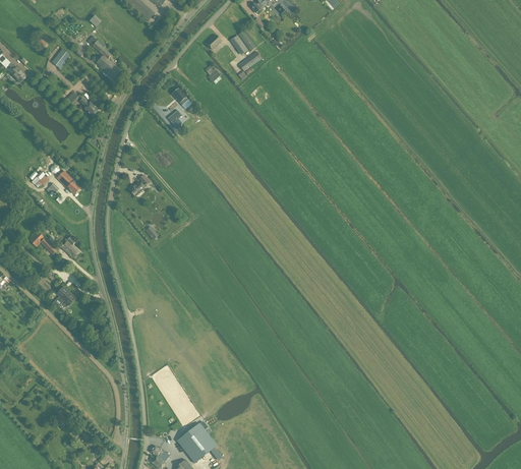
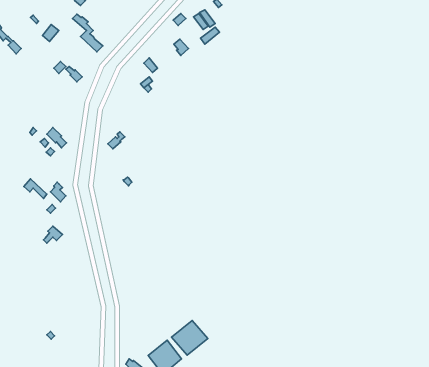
building: none -> [172,320,208,355]

